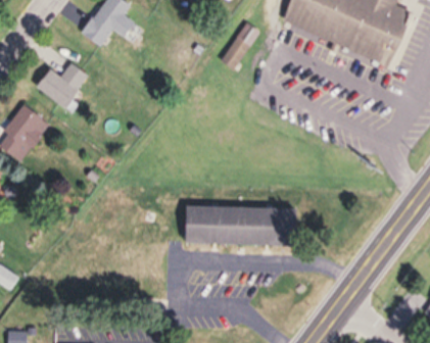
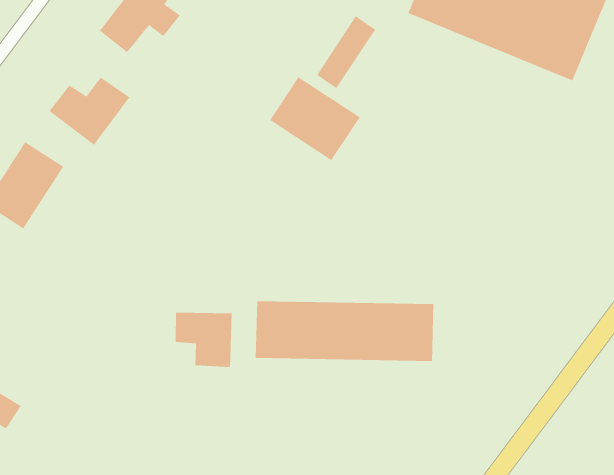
building: none -> [269,76,361,161]
building: none -> [175,312,233,368]

